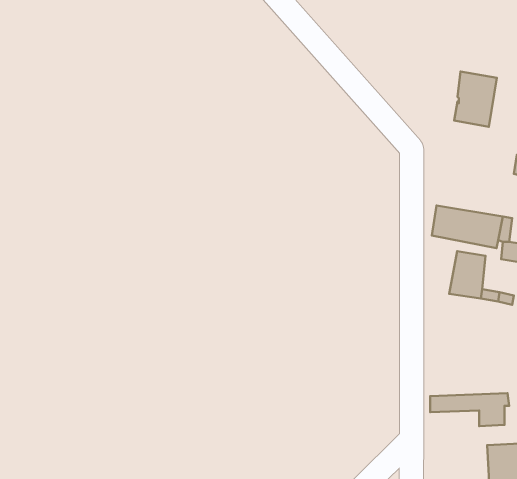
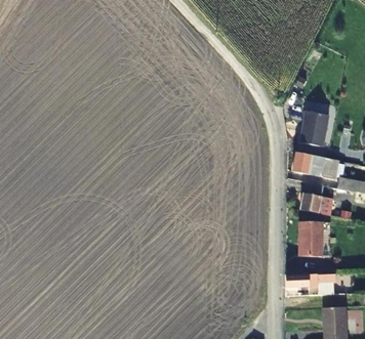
building: [454,71,497,127] -> [299,111,327,146]
building: none -> [299,219,323,255]

